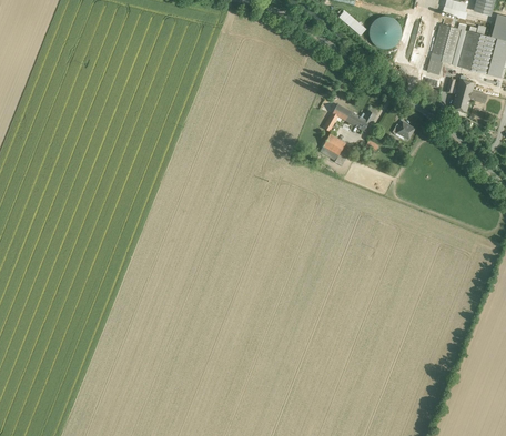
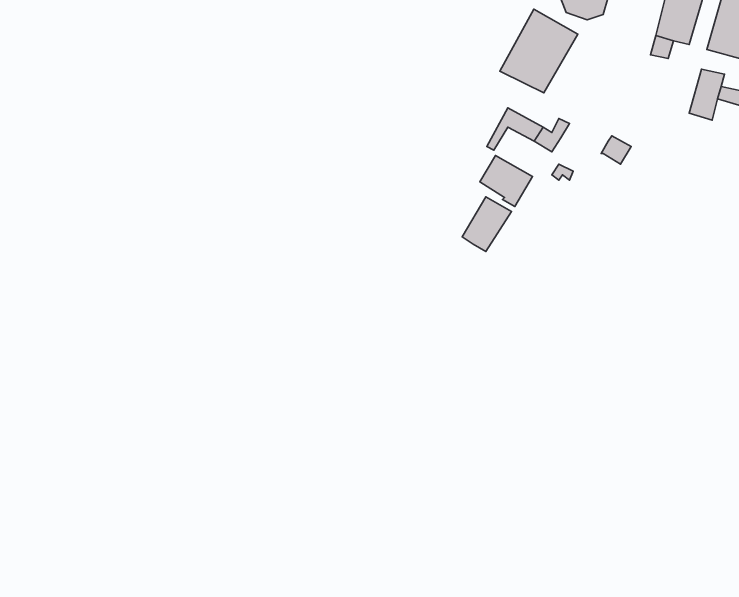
building: none -> [500,9,578,93]
building: none -> [462,197,511,252]

